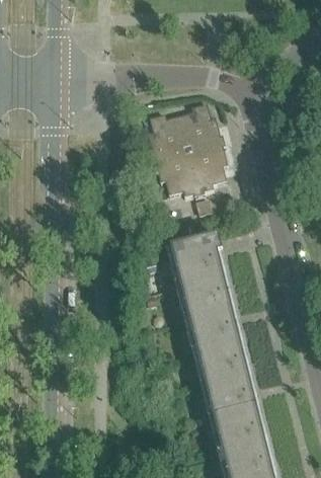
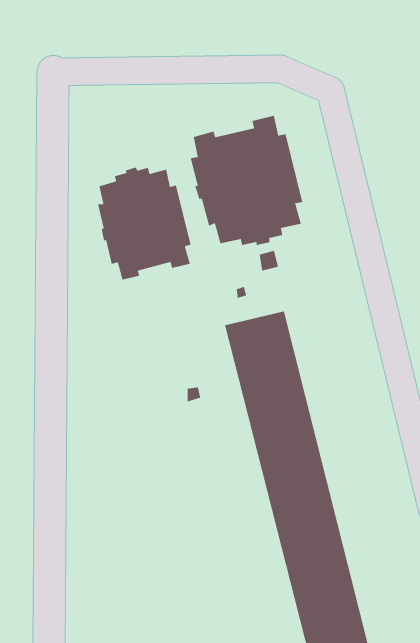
building: none -> [97,167,192,280]

